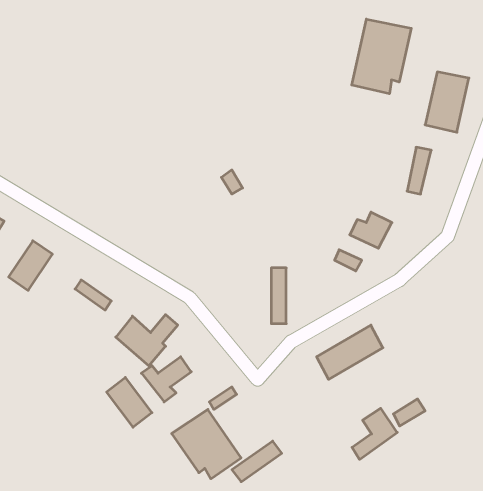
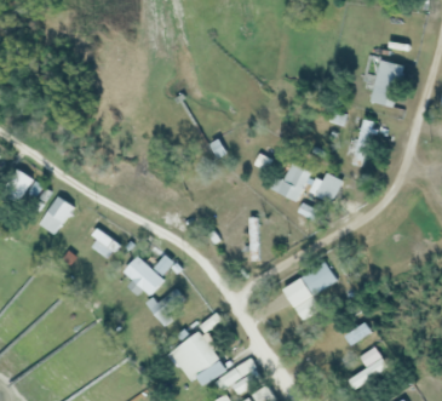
building: [352,19,411,94] -> none
building: none -> [277,162,311,201]
building: [107,377,152,427] -> none
building: [352,408,397,459] -> [351,346,388,388]

